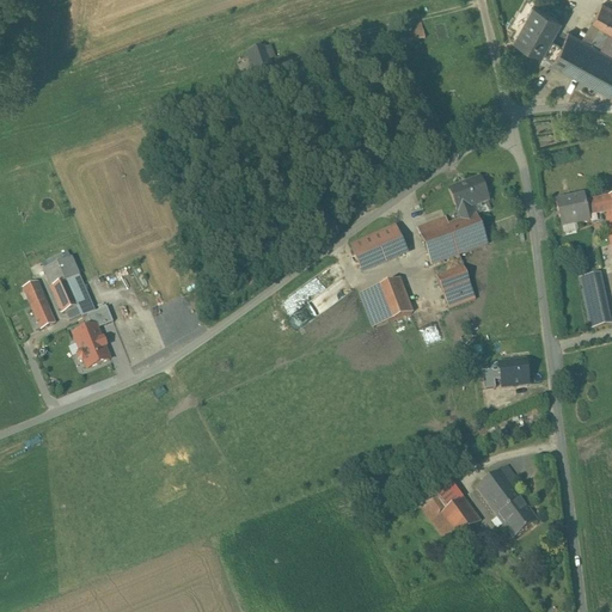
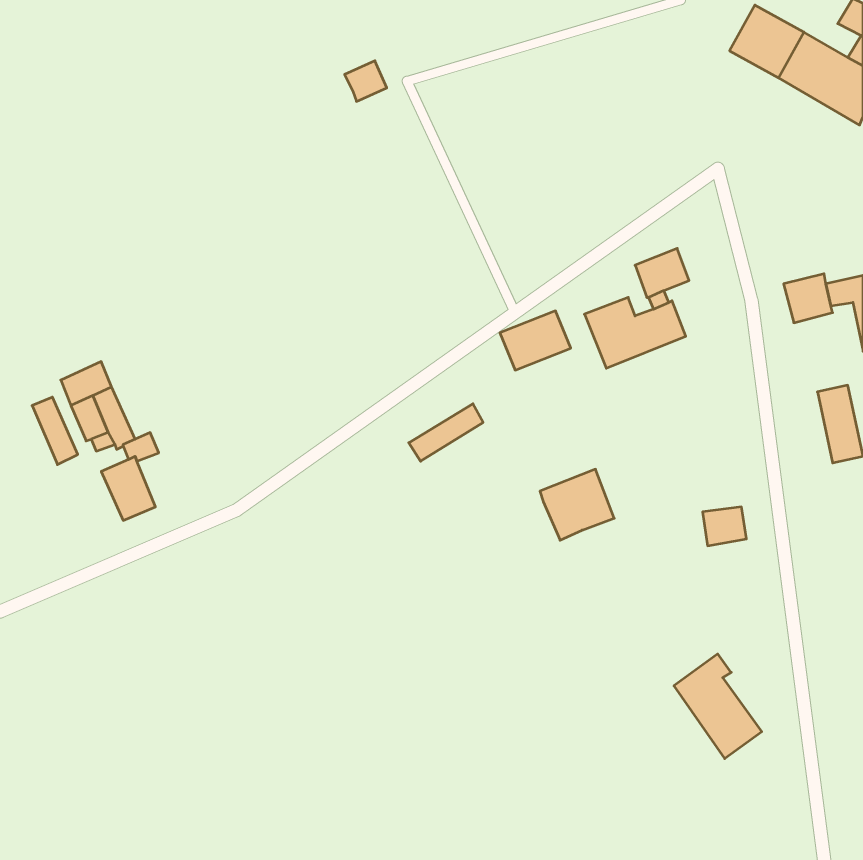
building: [436,263,475,302] -> none
building: [359,273,411,323] -> [540,469,614,540]
building: [420,486,482,531] -> none

